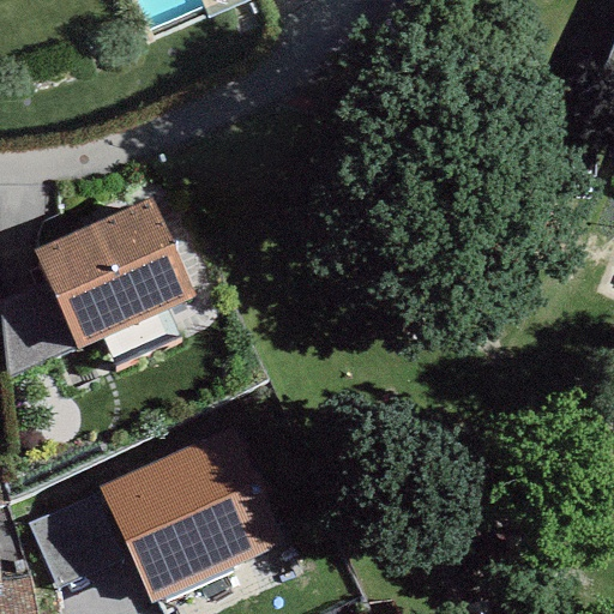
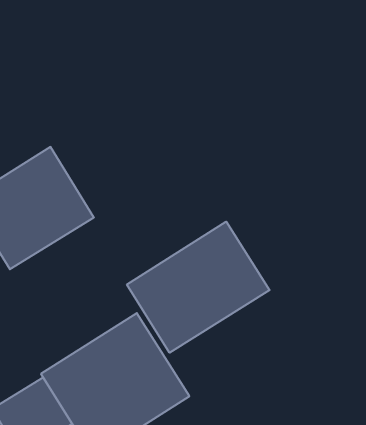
building: none -> [127,222,270,353]

